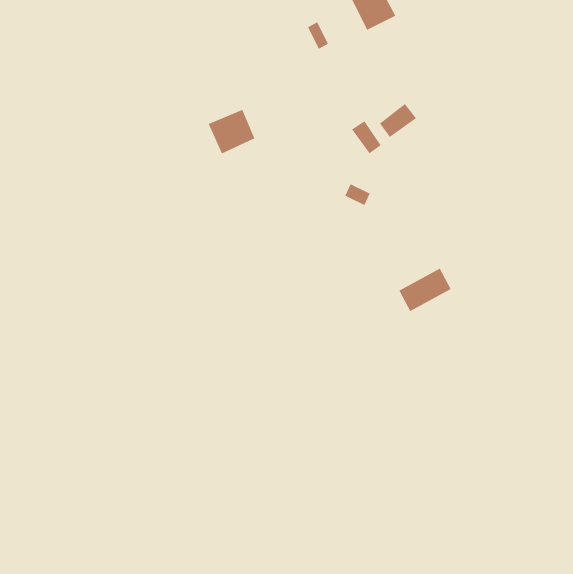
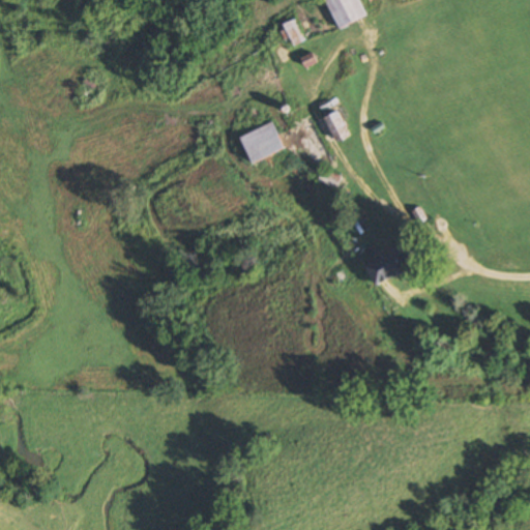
building: [379,103,417,138] -> none
building: [208,109,255,154] -> [239,122,283,164]

